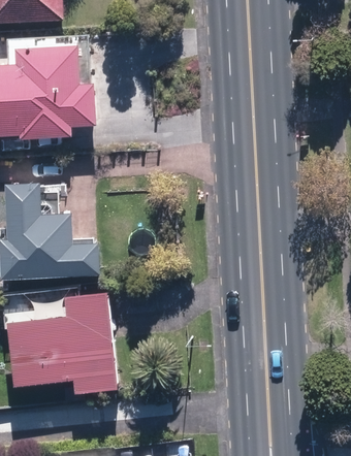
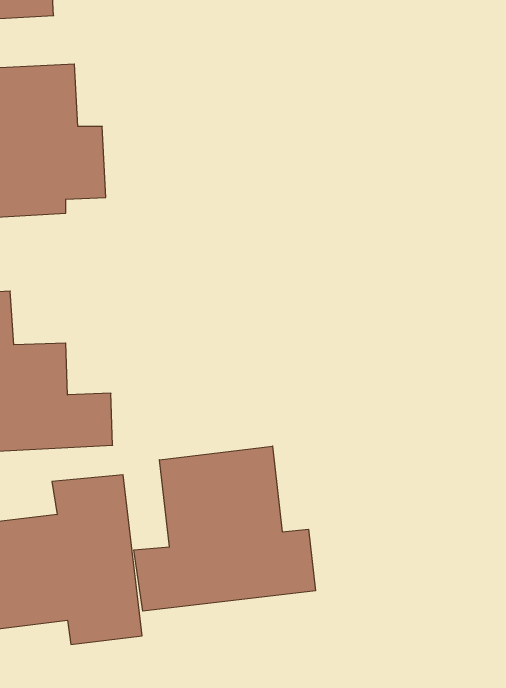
building: none -> [134,446,315,611]

